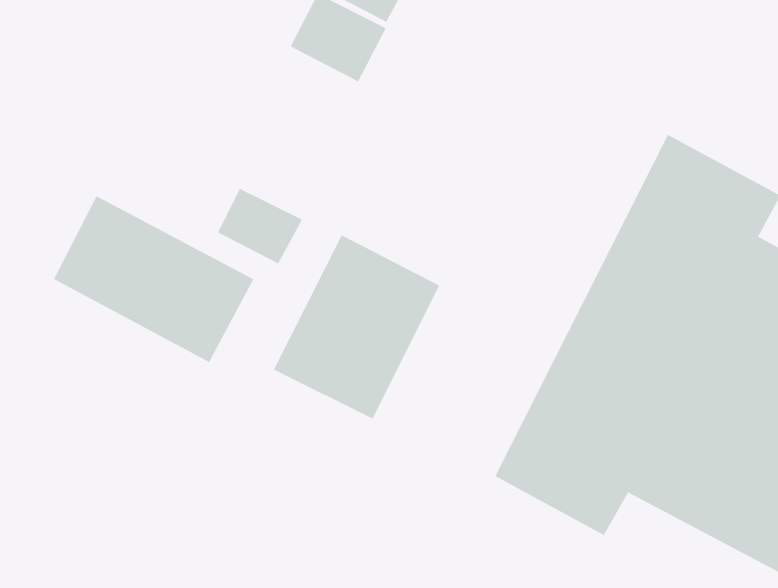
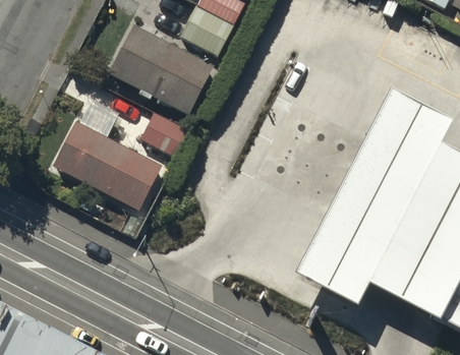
building: none -> [109,23,215,114]
building: [273,234,440,420] -> none

